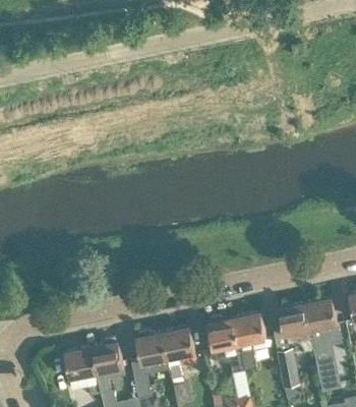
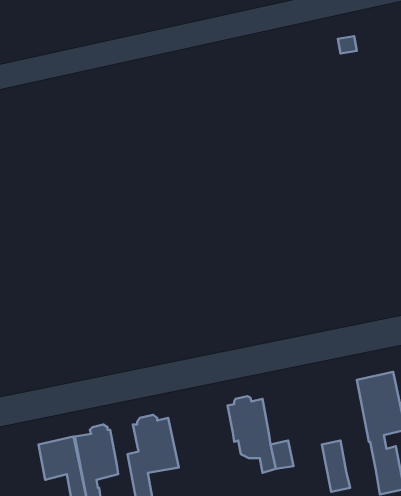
building: [278,304,313,353] -> none
building: [233,312,265,346] -> none
building: [162,328,194,381] -> none

